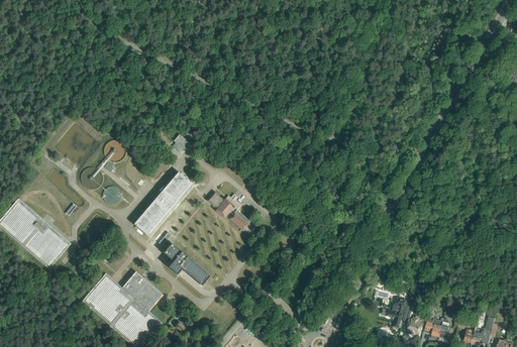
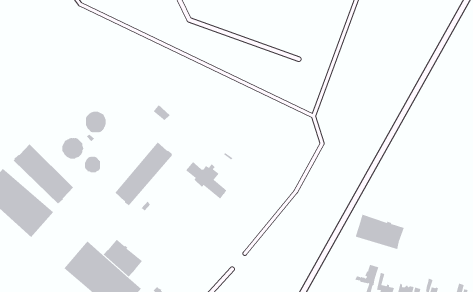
building: none -> [13,143,74,205]
building: [163,243,210,286] -> none
building: none -> [354,214,404,250]

